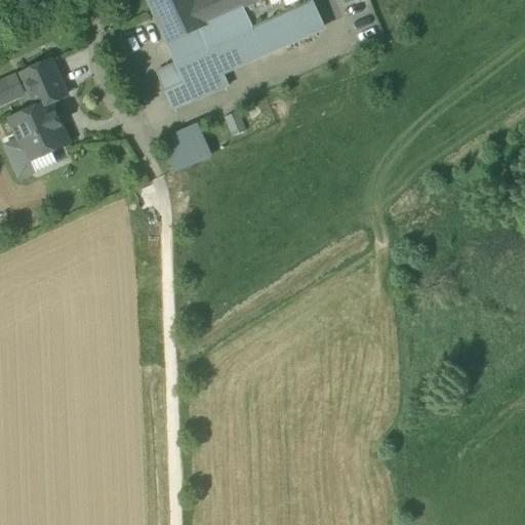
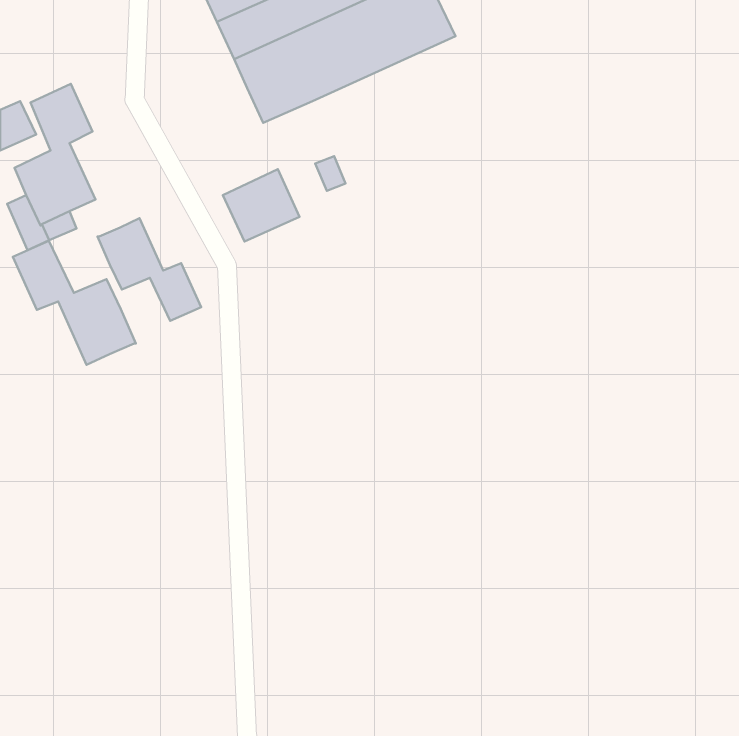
building: [156,63,228,109] -> none
building: none -> [97,218,201,321]
building: none -> [13,241,136,365]

